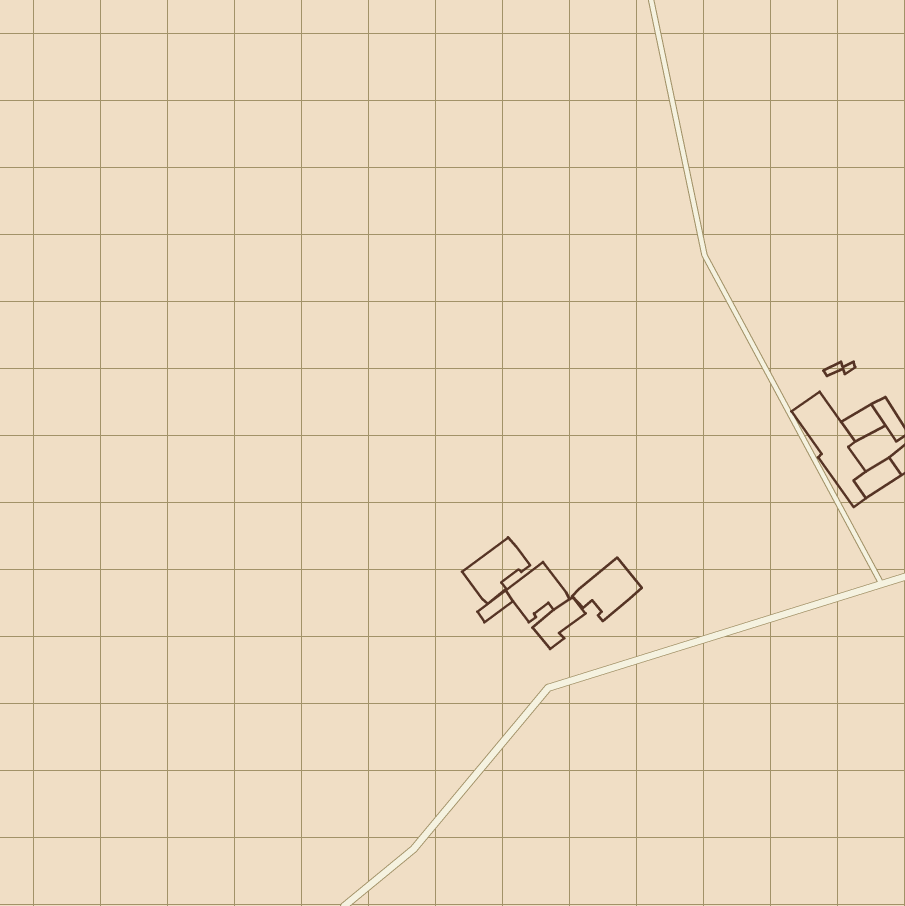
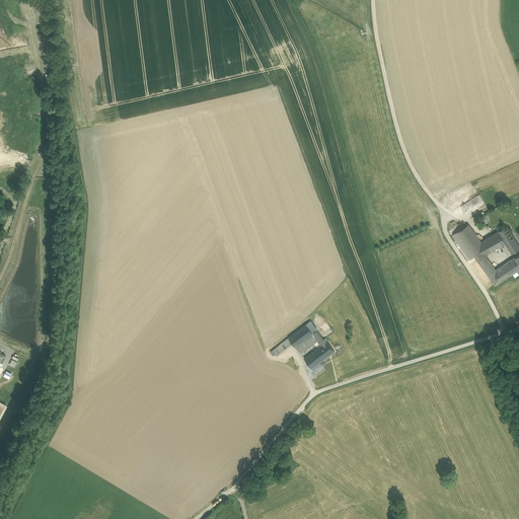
building: [462,537,530,604] -> none
building: [572,558,642,621] -> none

